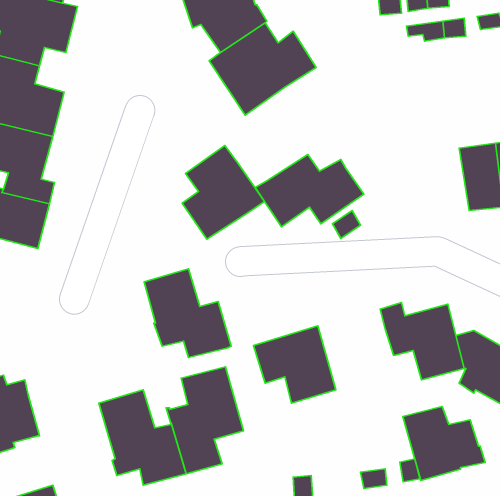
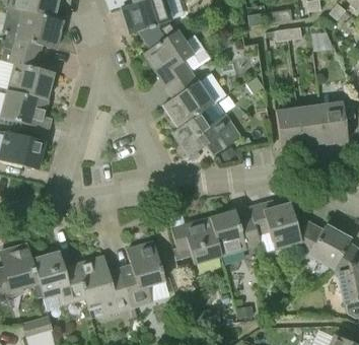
building: [182,145,264,239] -> [164,69,215,127]
building: none -> [276,107,304,148]
building: [144,269,231,358] -> [32,251,86,305]
building: [403,407,485,481] -> [211,210,262,256]

